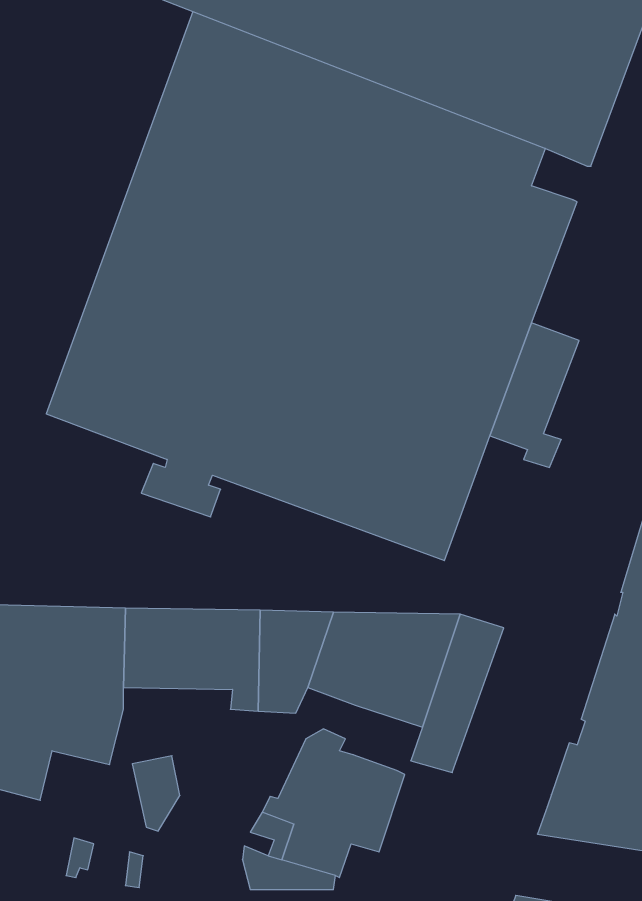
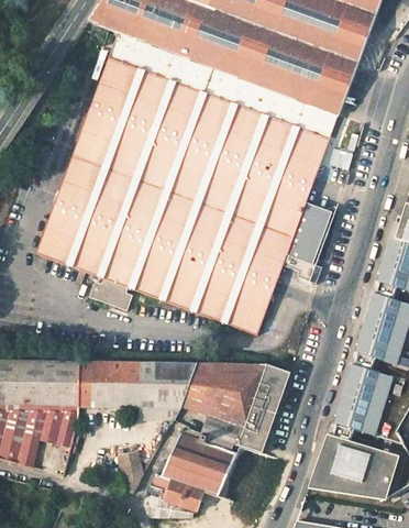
building: none -> [306,106,336,134]
building: none -> [202,415,245,451]
building: [132,756,180,831] -> [119,451,145,493]

